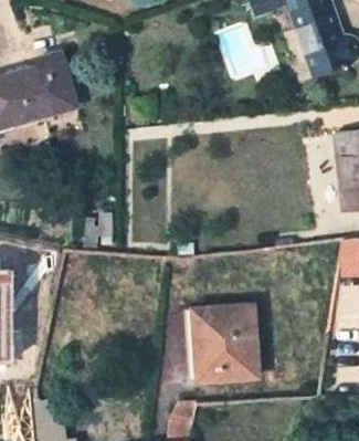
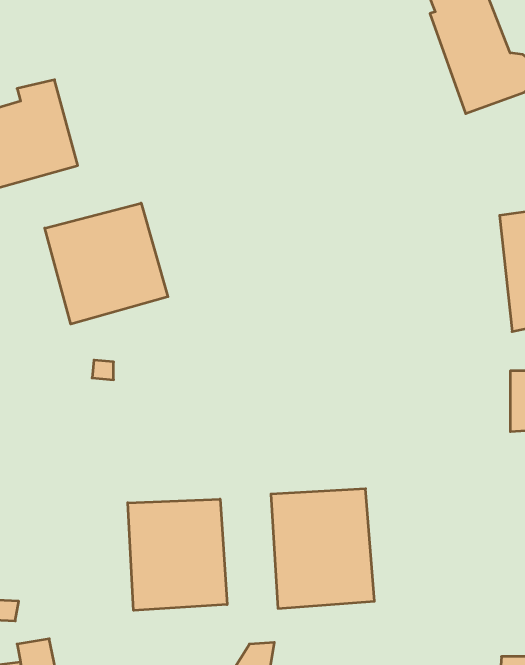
building: none -> [45,203,168,324]
building: none -> [128,499,227,610]

